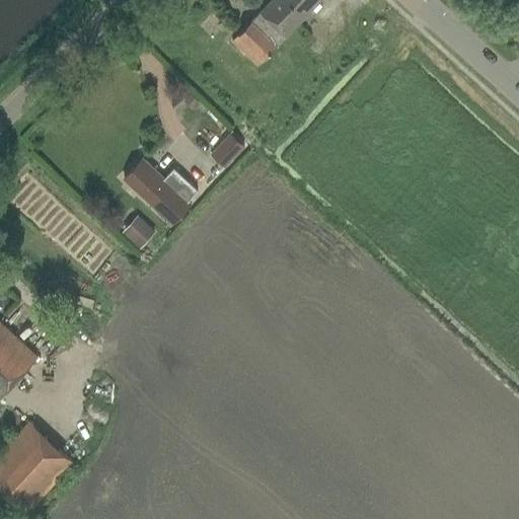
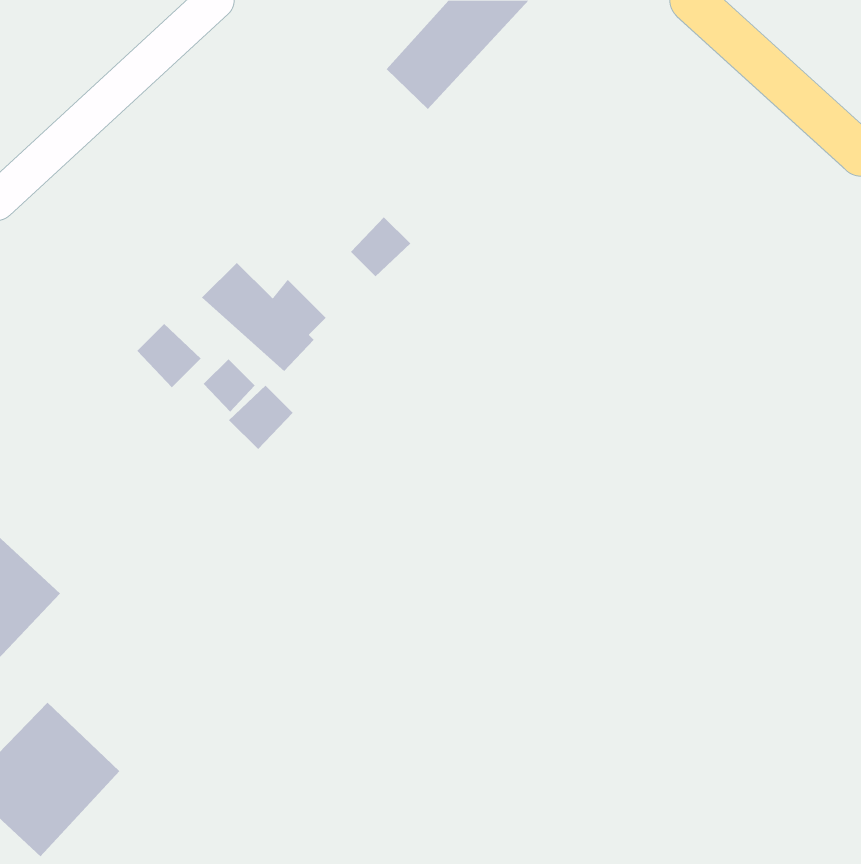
building: none -> [137,323,202,388]
building: none -> [228,385,293,450]

